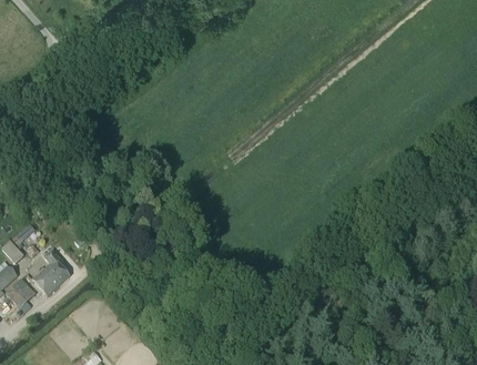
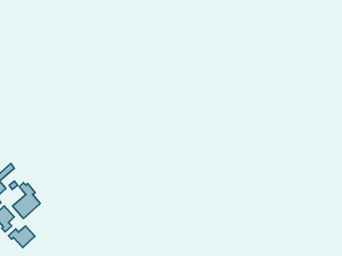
building: none -> [9,226,35,248]

